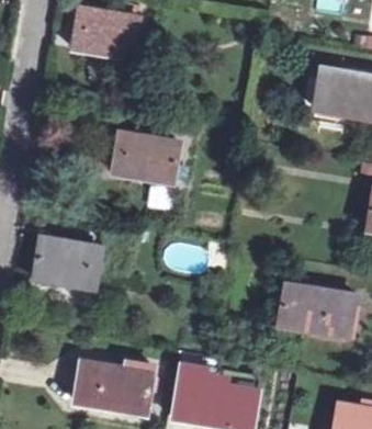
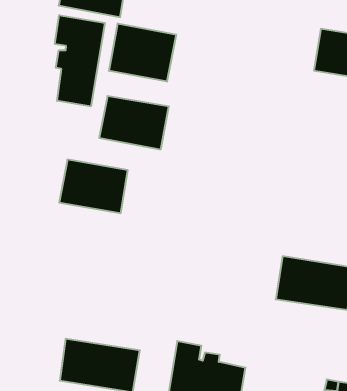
building: none -> [55,15,105,106]
building: none -> [109,23,176,82]
building: [35,237,100,287] -> [59,160,128,213]

